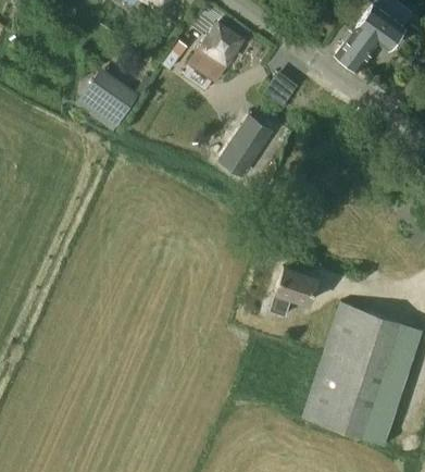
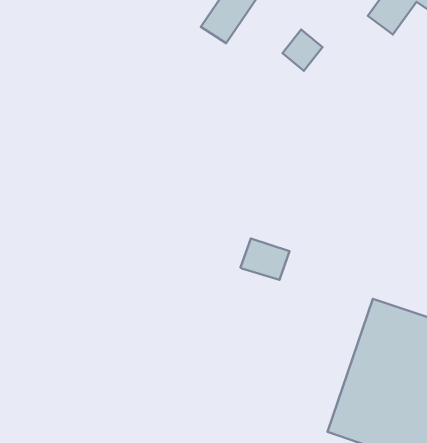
building: [78,72,137,129] -> none
building: [221,116,273,176] -> none
building: [276,269,318,305] -> [241,239,290,280]

